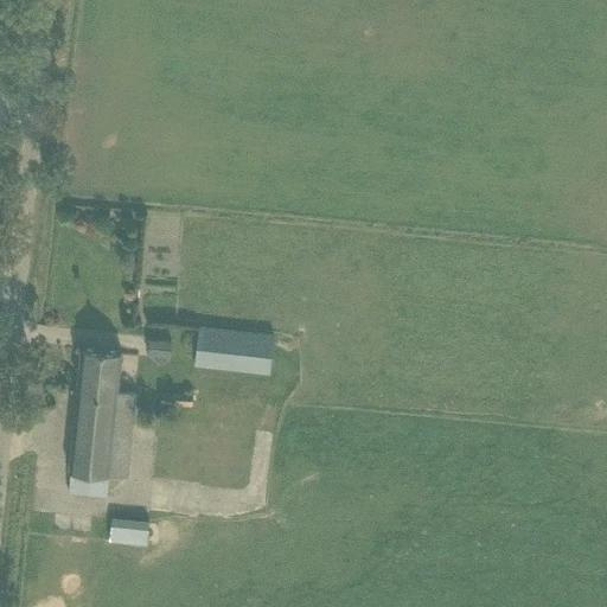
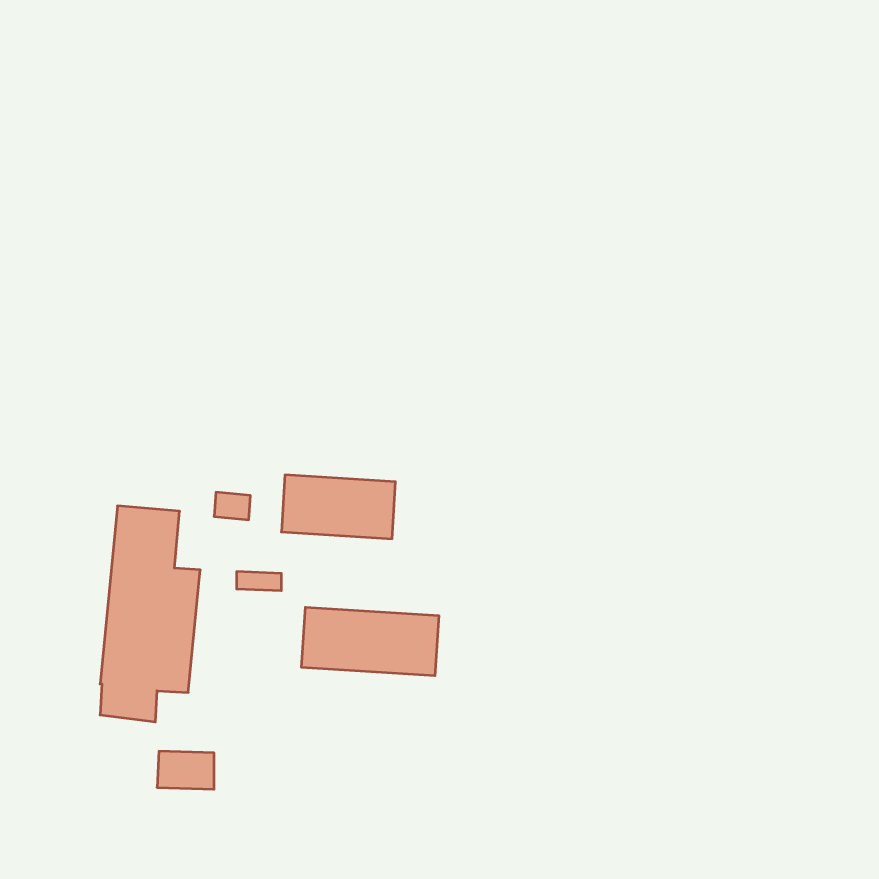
building: none -> [302,607,439,676]

